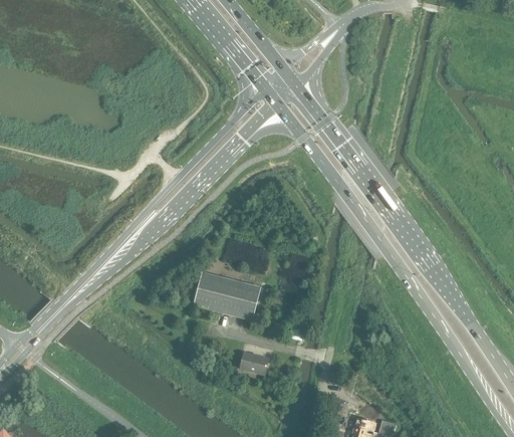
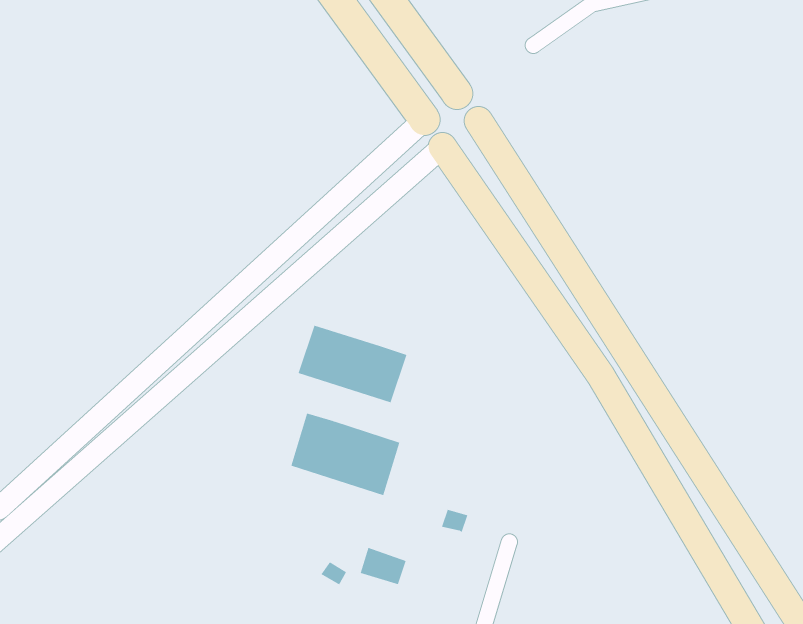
building: none -> [298,325,407,403]

